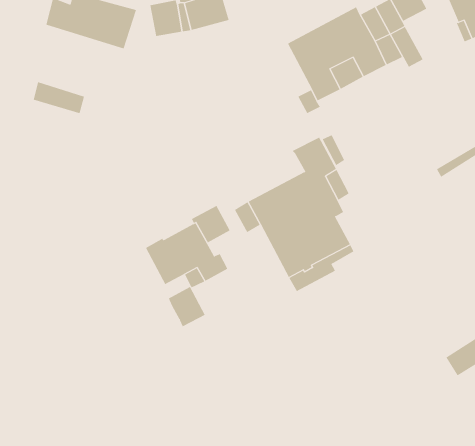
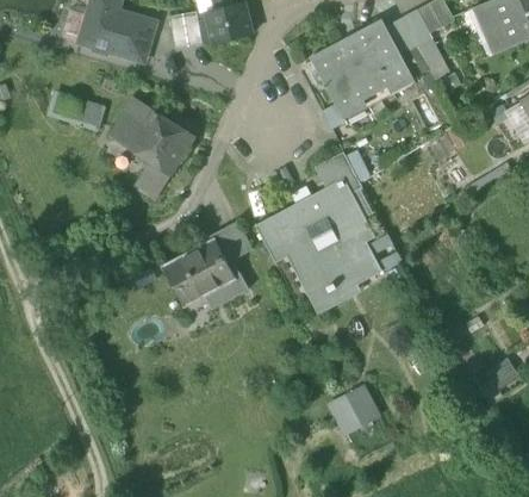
building: none -> [111,98,195,200]
building: [168,286,206,327] -> none
building: none -> [325,383,382,436]

